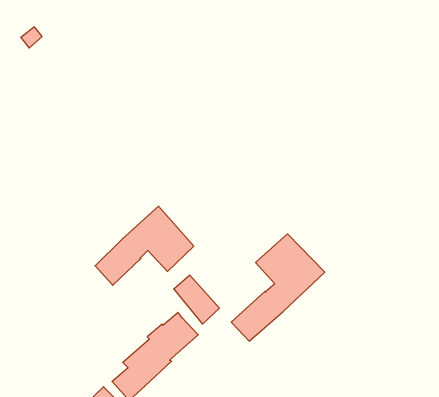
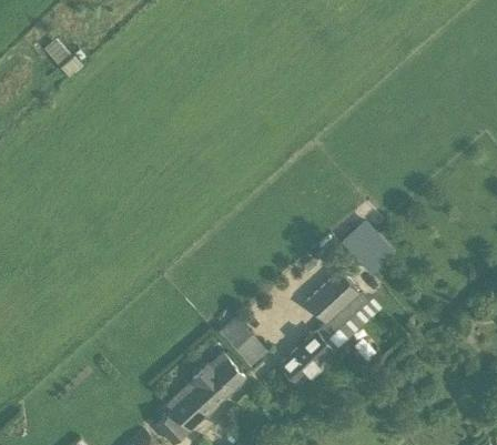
building: none -> [342,226,387,273]
building: [95,206,194,285] -> none

